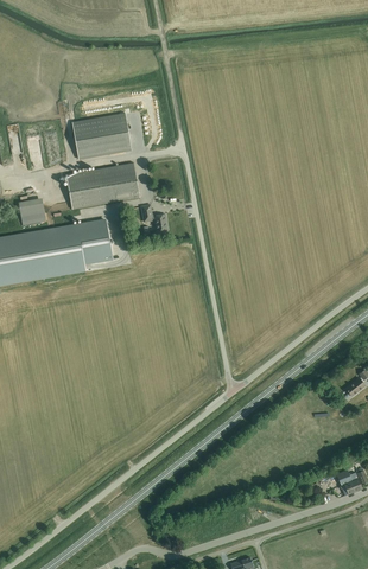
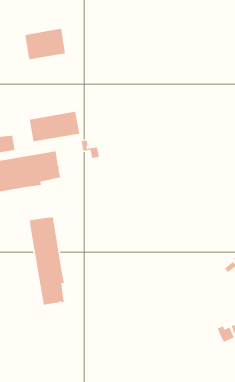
building: [71,113,131,159] -> [24,28,66,60]
building: none -> [29,216,65,307]

